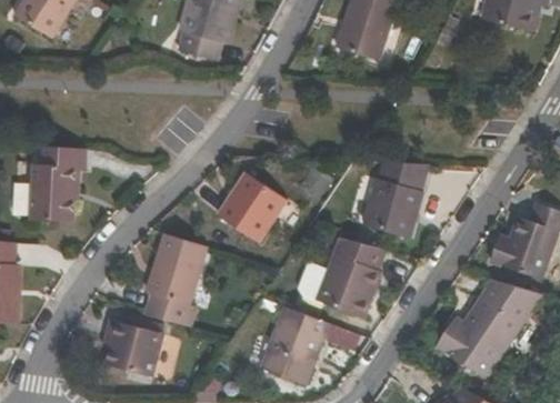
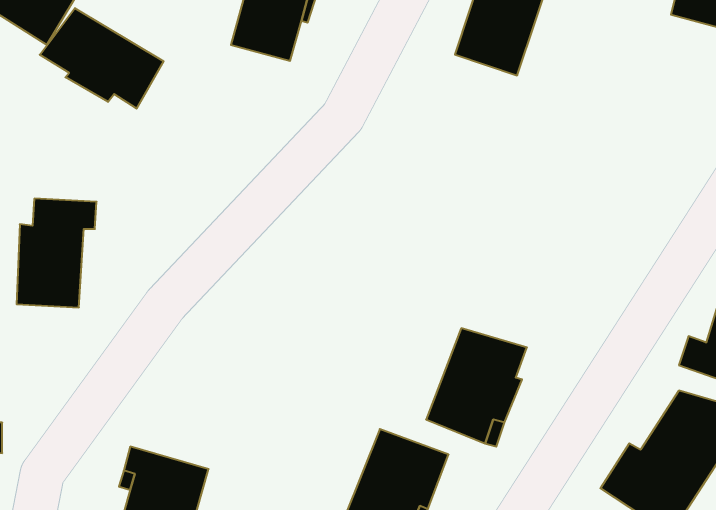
building: none -> [40,8,164,109]
building: [357,161,423,239] -> none
building: [218,173,287,242] -> none
building: [143,233,207,325] -> none

